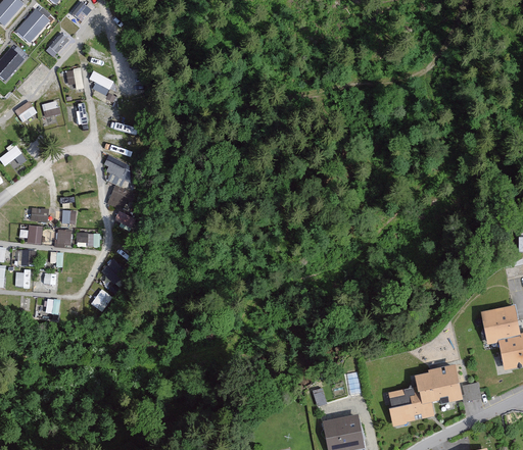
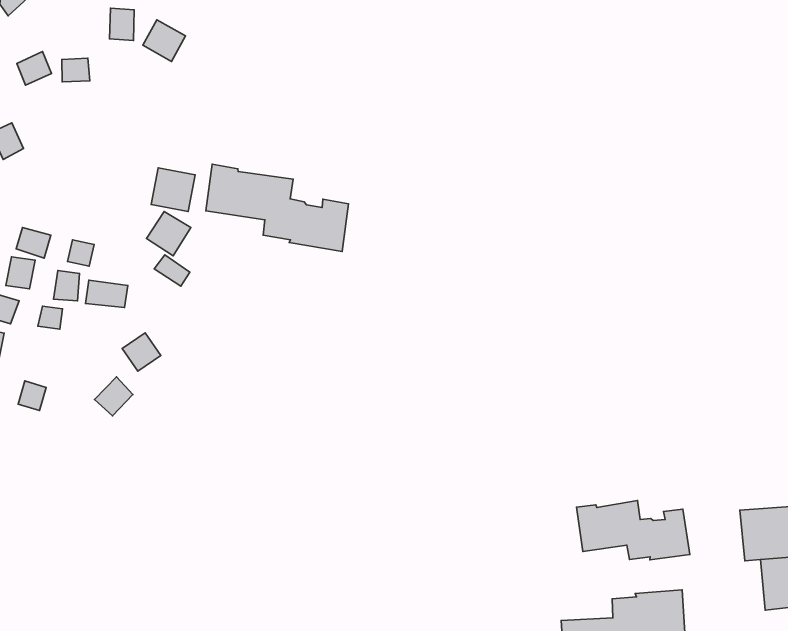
building: none -> [206,164,348,252]
building: none -> [576,501,690,560]

